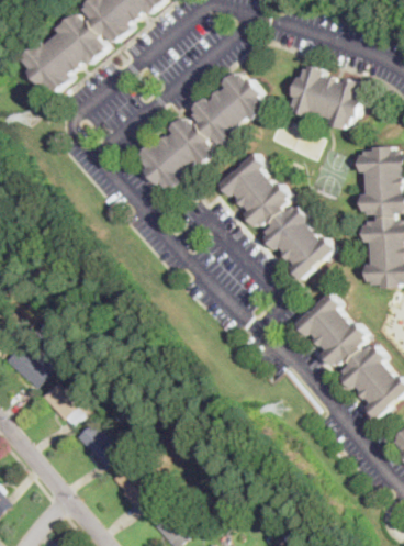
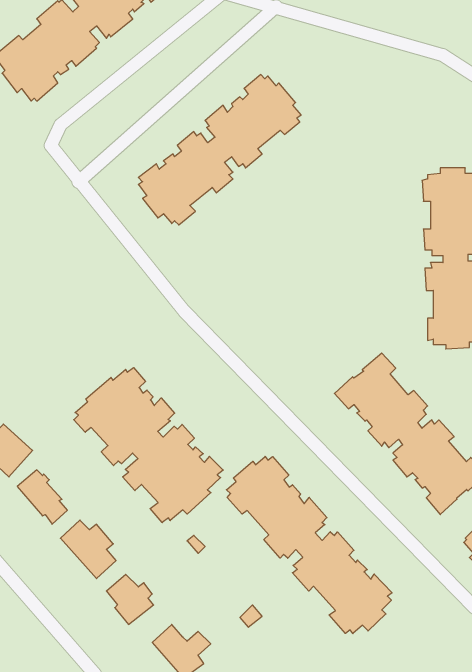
building: [290,64,364,129] -> none
building: [215,152,335,280] -> none
building: none -> [74,368,223,523]
building: none -> [226,456,392,634]

